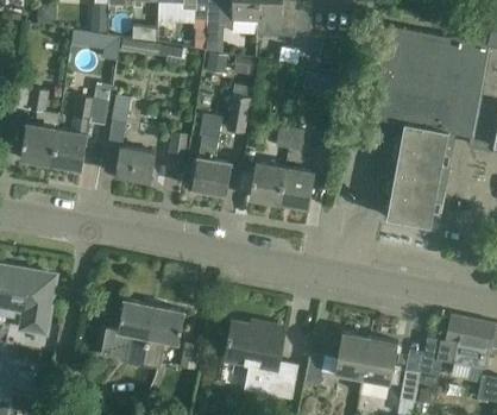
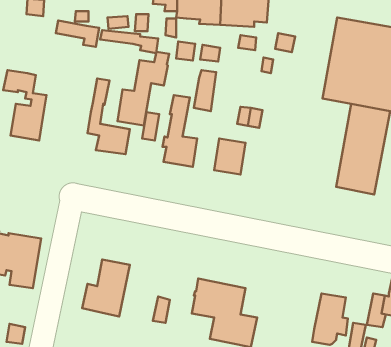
building: [52,87,111,170] -> [117,52,169,125]
building: [279,168,315,208] -> none
building: [143,306,185,367] -> none
building: [306,332,371,385] -> none

